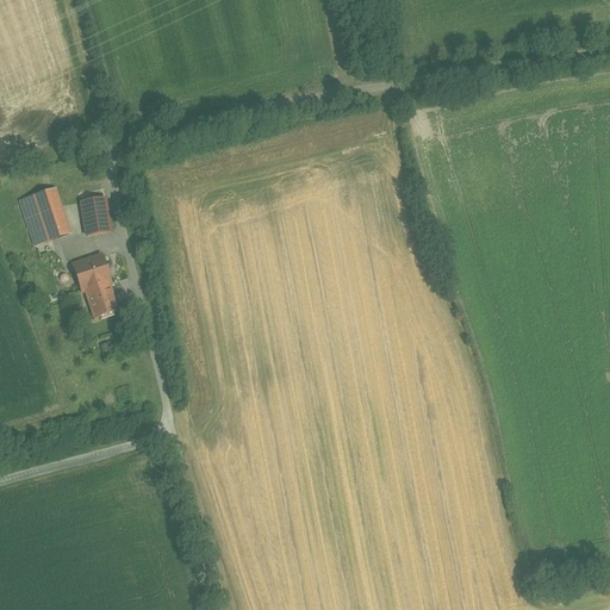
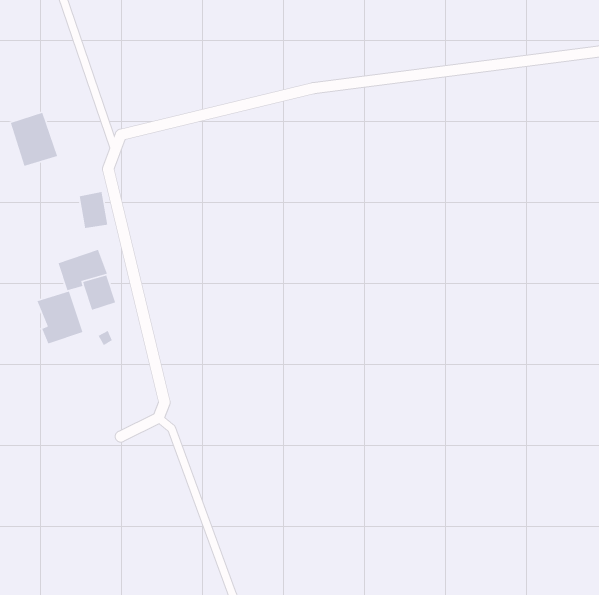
building: [20,186,69,242] -> [10,112,58,167]
building: none -> [36,290,83,345]

